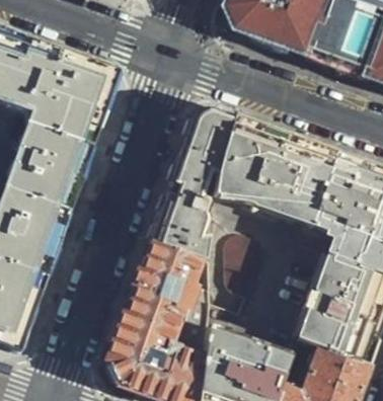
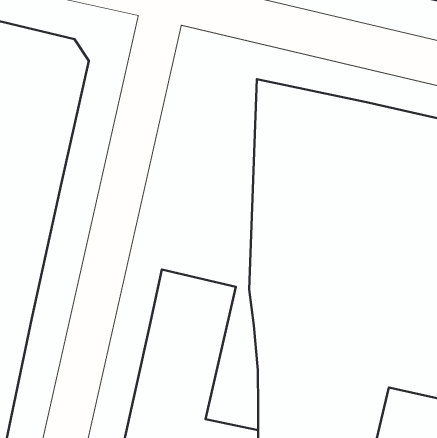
building: [148,107,230,258] -> none
building: [177,279,207,340] -> none

